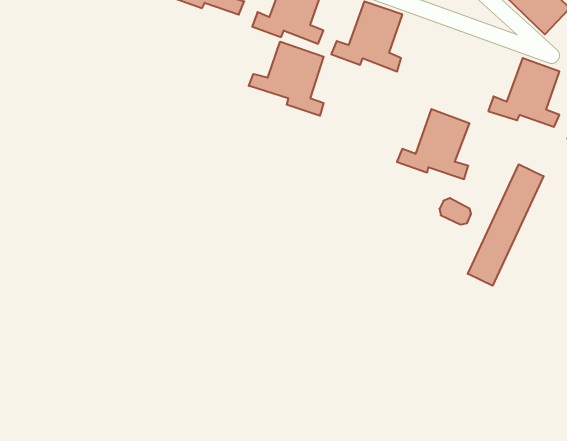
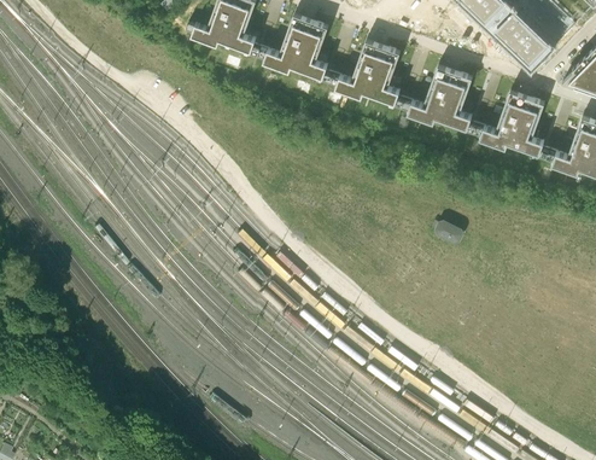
building: [249,42,324,116] -> none
building: [397,109,470,179] -> [407,66,473,130]
building: [468,164,544,286] -> none

